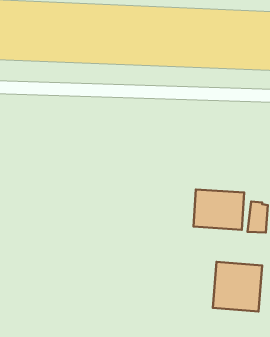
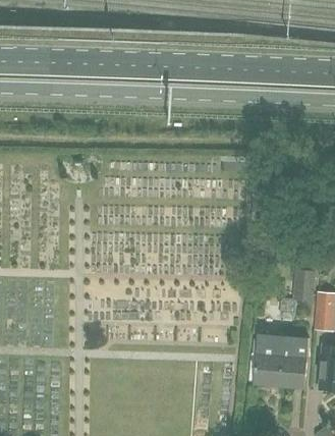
building: [193,189,244,230] -> none

